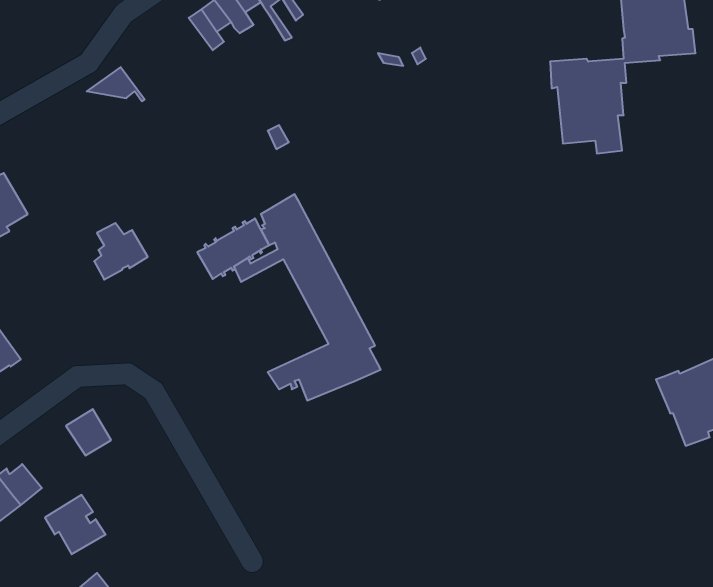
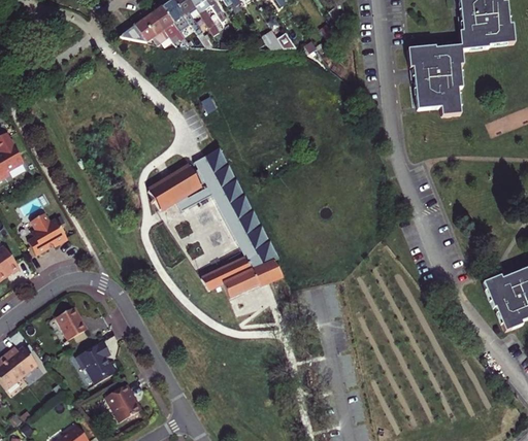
building: [87,67,145,101] -> [119,18,161,42]
building: [94,223,148,280] -> [27,212,66,253]
building: [45,495,106,554] -> [74,339,119,382]
building: none -> [104,380,140,418]

